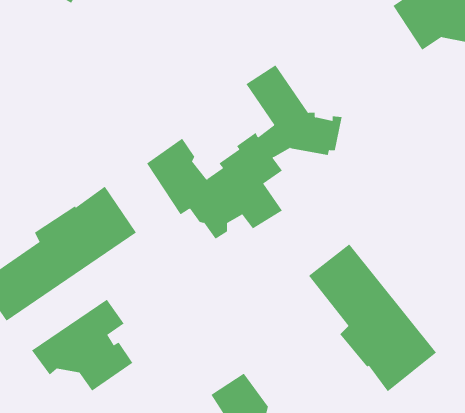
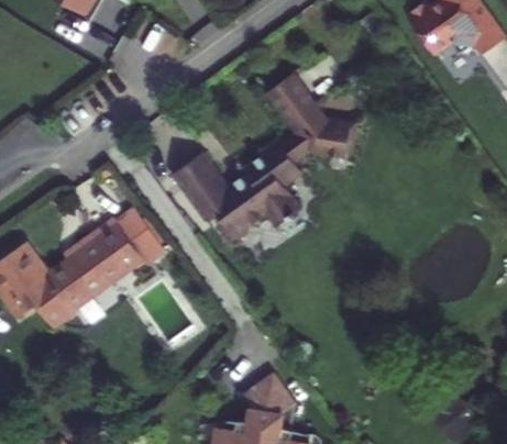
building: [308,243,437,392] -> none
building: [31,299,133,392] -> none

